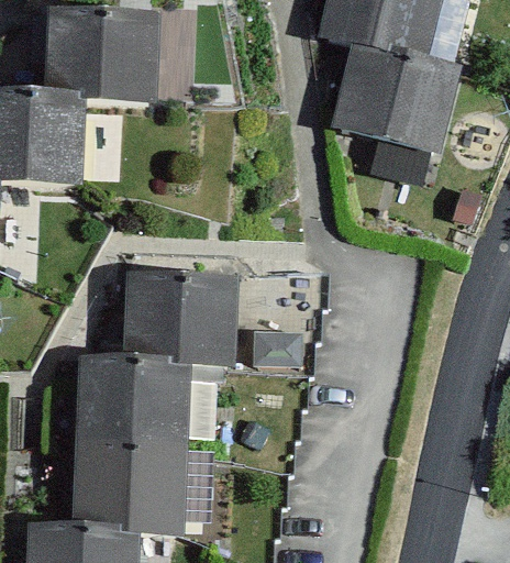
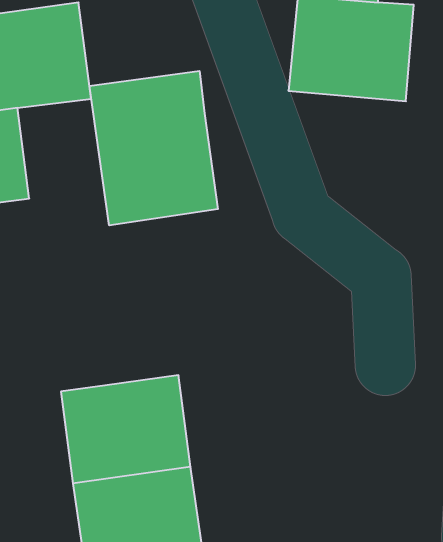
building: none -> [90,71,218,225]
building: [122,277,237,367] -> none

